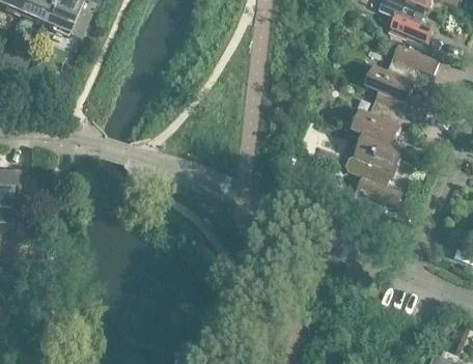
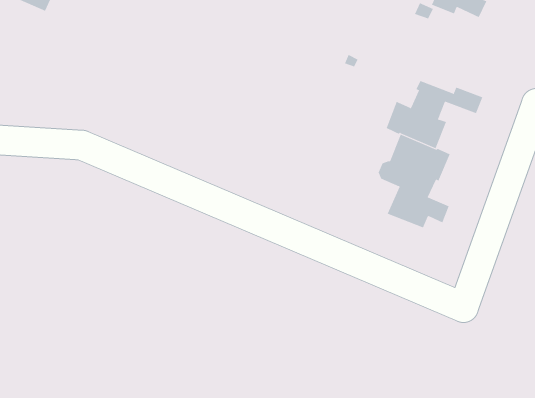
building: [365,41,439,101] -> none

